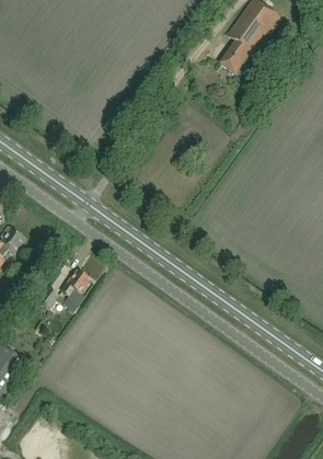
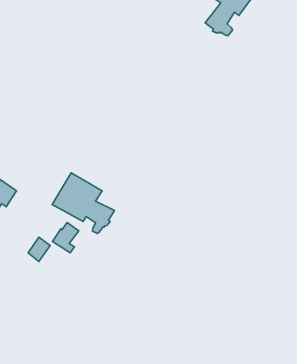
building: none -> [52,173,114,233]

